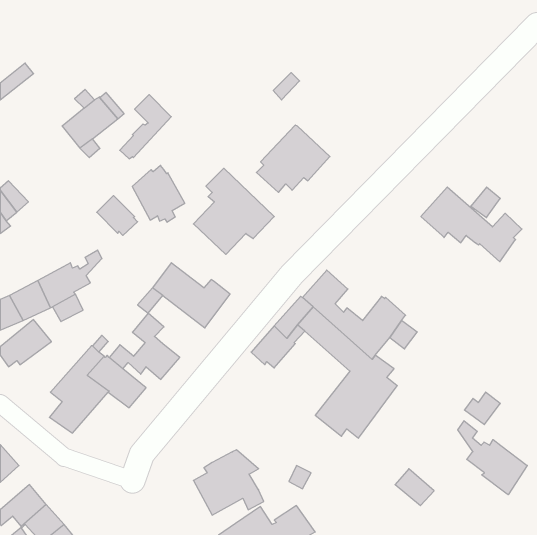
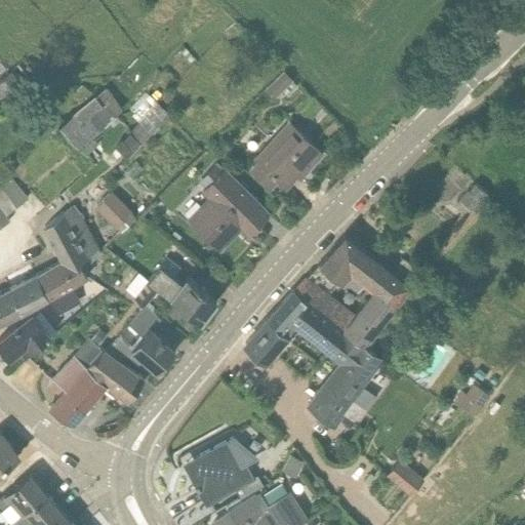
building: [132,165,185,222] -> [44,209,95,265]
building: [421,187,522,262] -> [319,237,417,310]
building: [458,421,527,495] -> none

